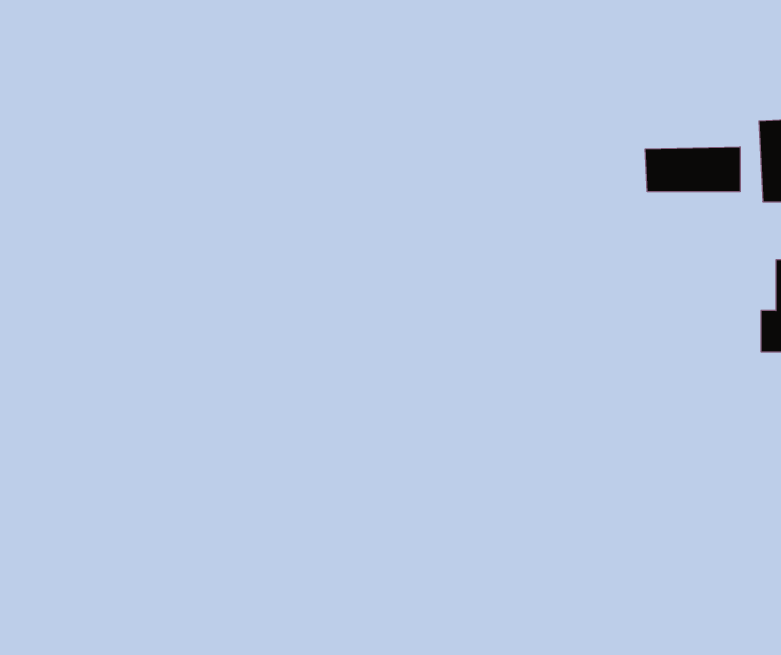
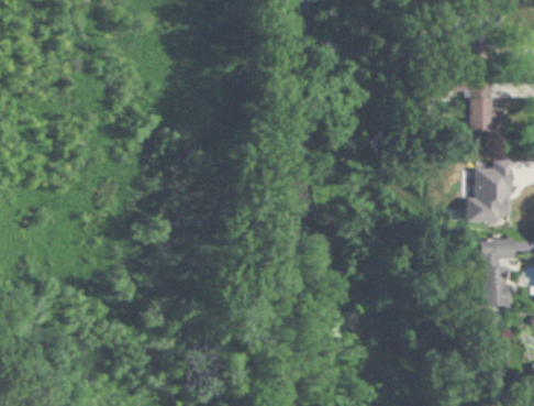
building: [645,147,740,192] -> none

